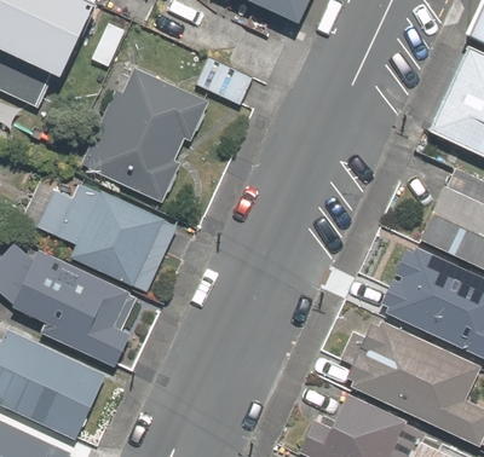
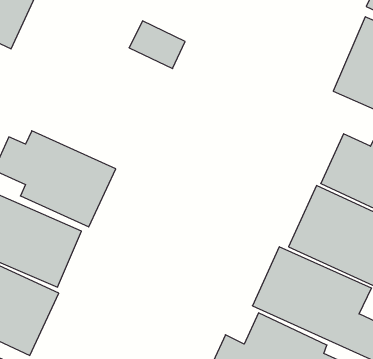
building: [85,66,214,206] -> none

